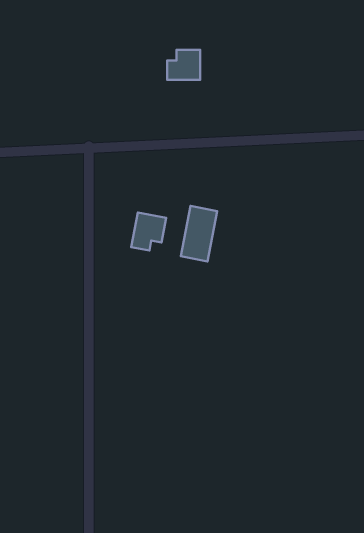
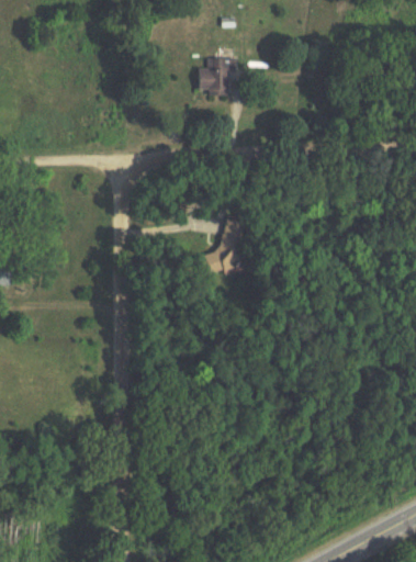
building: [131,213,166,251] -> none

